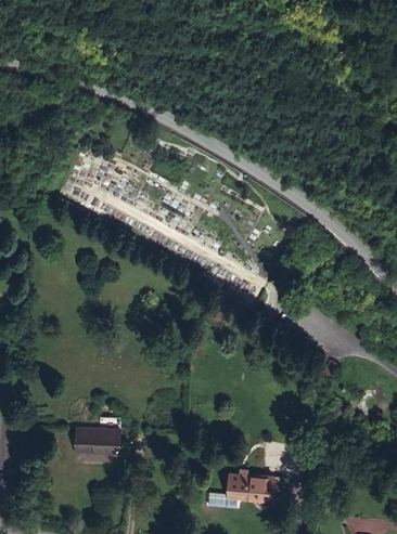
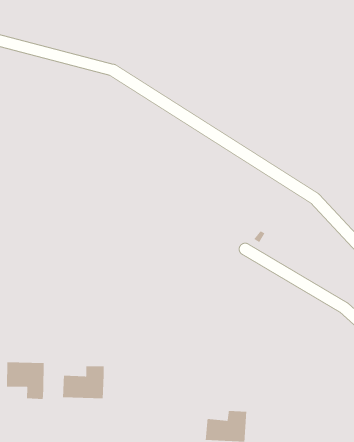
building: none -> [6,362,44,400]

